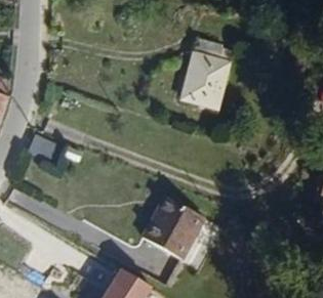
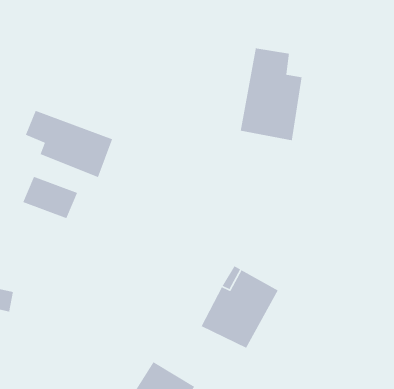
building: none -> [25,110,113,178]

